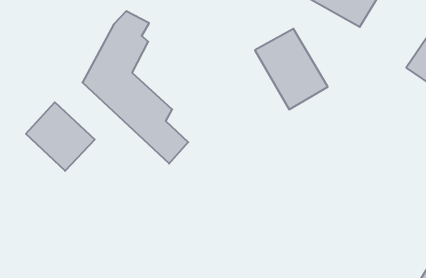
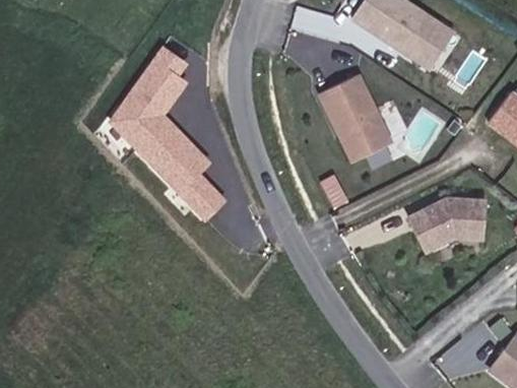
building: [26,102,95,171] -> none
building: none -> [404,194,484,254]

